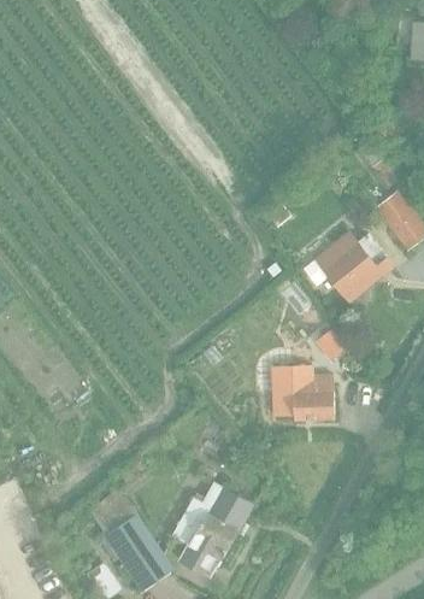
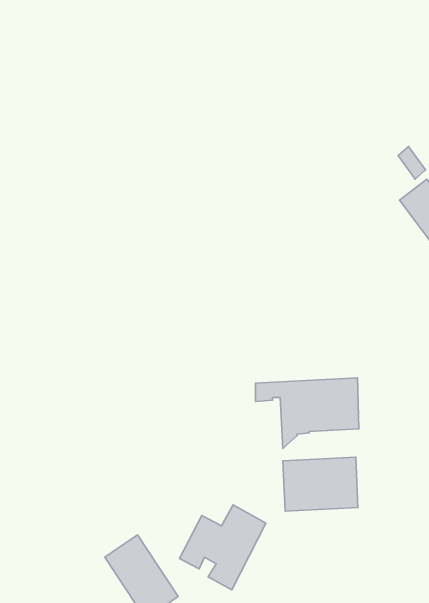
building: [306,229,394,296] -> none
building: none -> [283,457,358,511]

